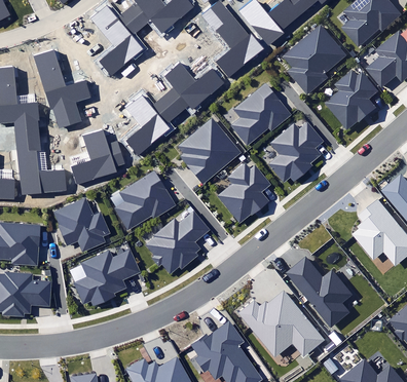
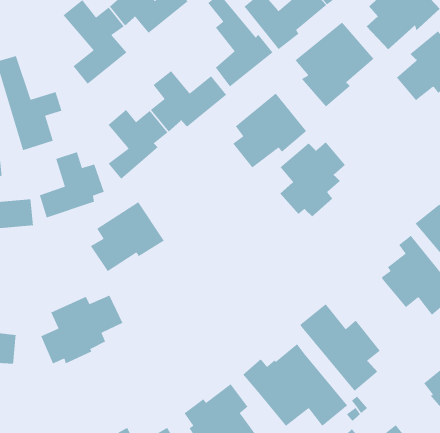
building: [325,68,377,127] -> none
building: [179,117,240,183] -> none
building: [219,162,272,220] -> none
building: [53,196,111,252] -> none
building: [145,208,211,271] -> none

